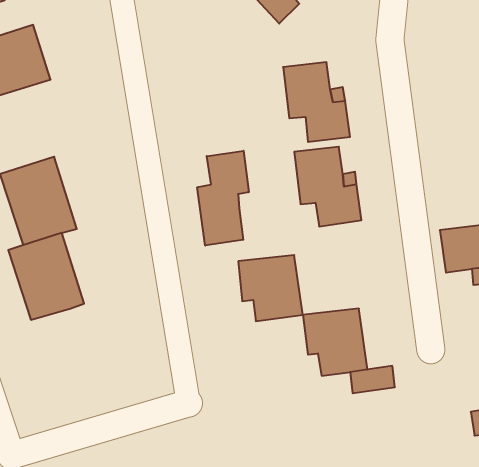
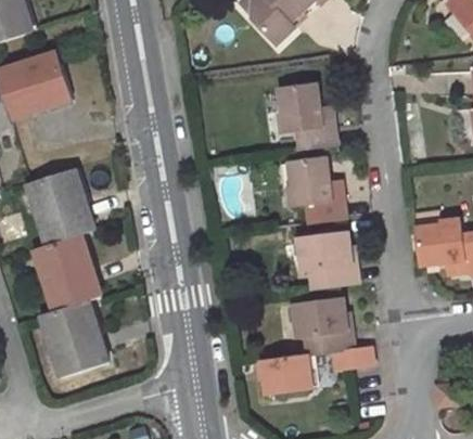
building: [197,151,249,246] -> none
building: [238,255,303,321] -> [296,232,353,289]
building: none -> [42,297,110,374]
building: none -> [264,356,312,393]

